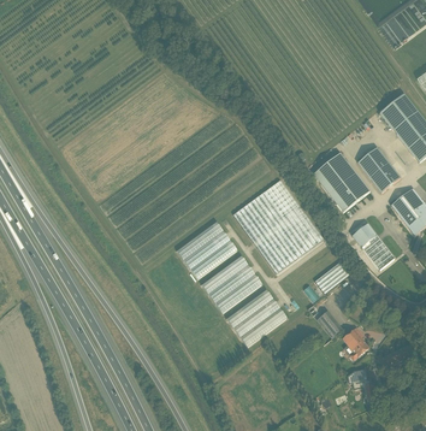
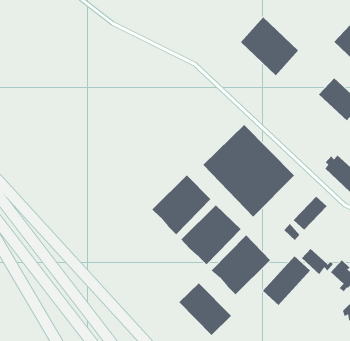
building: [313,152,369,212] -> [240,17,299,76]
building: none -> [262,256,311,306]
building: none -> [179,282,232,336]

